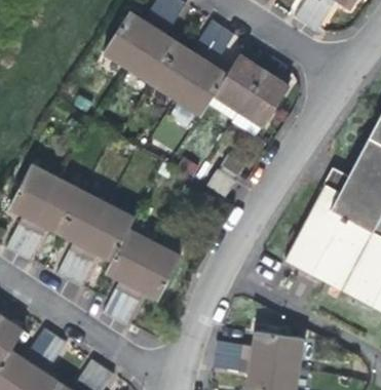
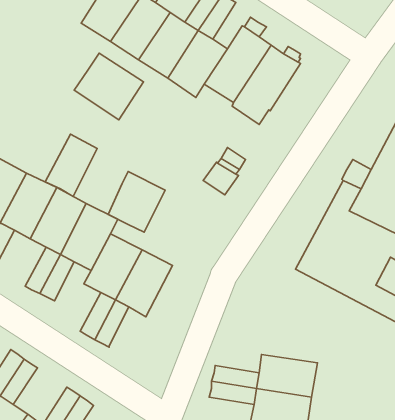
building: none -> [74,53,143,120]
building: none -> [45,134,97,196]
building: none -> [108,172,165,232]

